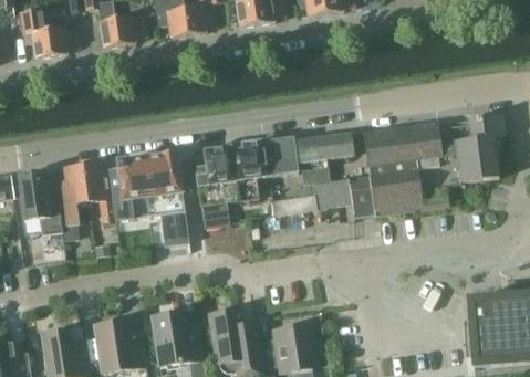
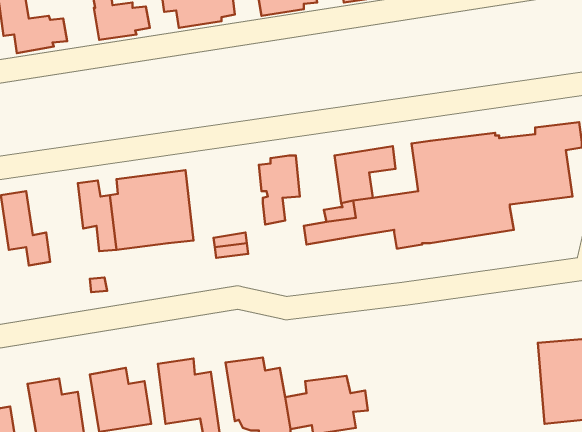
building: [267,138,300,176] -> none
building: [191,144,243,206] -> none
building: [63,165,90,239] -> none
building: [160,212,185,243] -> none

